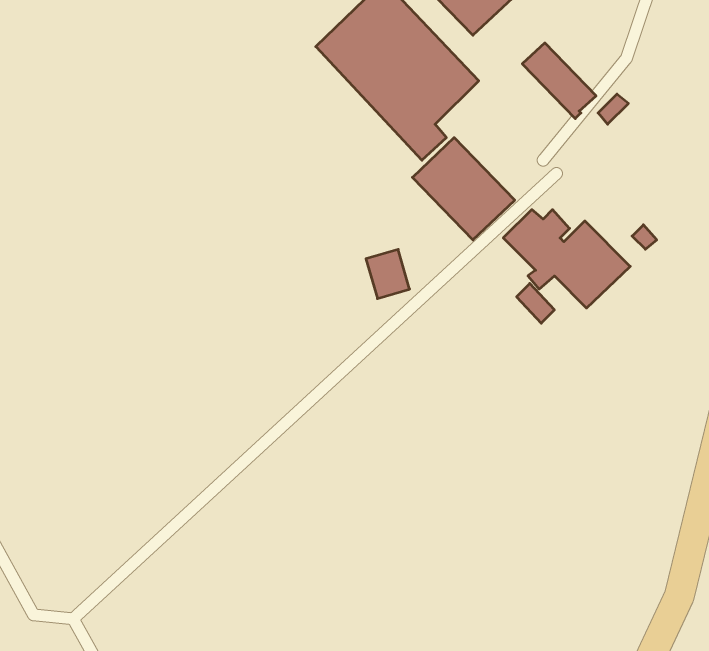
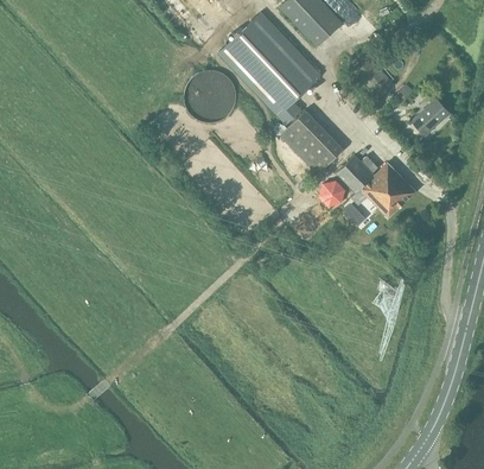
building: none -> [183,68,238,123]
building: none -> [412,97,448,133]
building: [366,249,410,299] -> [319,176,346,207]

